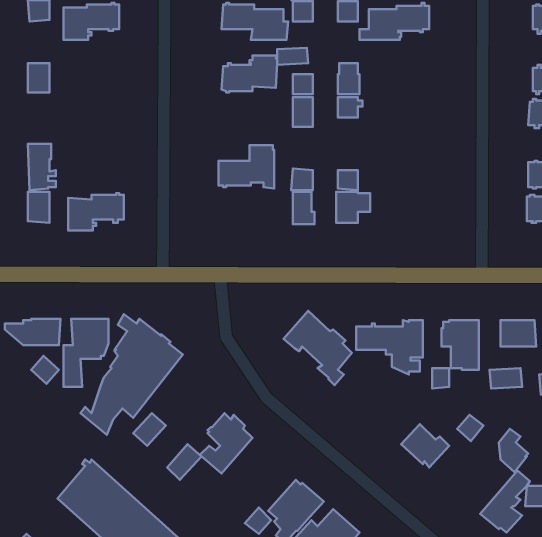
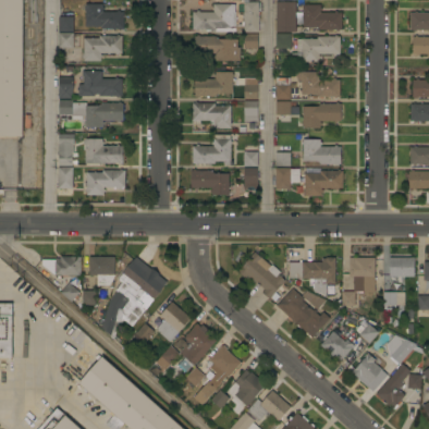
building: none -> [77,71,122,97]
building: none -> [296,72,340,99]
building: none -> [59,100,123,127]
building: none -> [193,102,232,128]
building: none -> [302,102,341,128]
building: none -> [85,139,123,163]
building: none -> [302,139,341,166]
building: none -> [191,169,230,195]
building: none -> [303,170,343,196]
building: none -> [277,289,330,339]
building: none -> [156,302,191,342]
building: none -> [185,345,241,389]
building: none -> [352,354,382,387]

